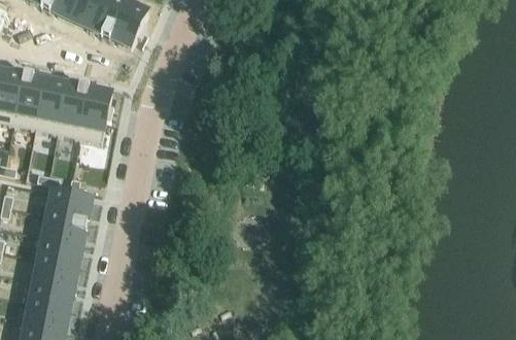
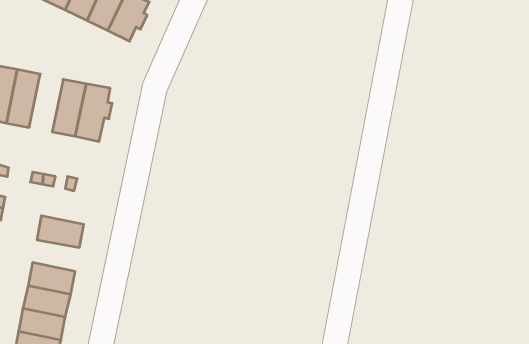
building: [35,76,67,131] -> none
building: [46,188,92,218] -> none
building: [38,233,82,263] -> none

